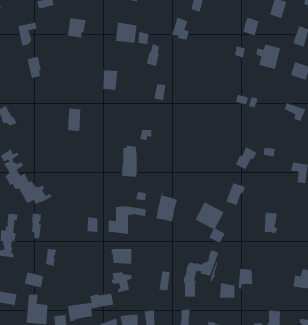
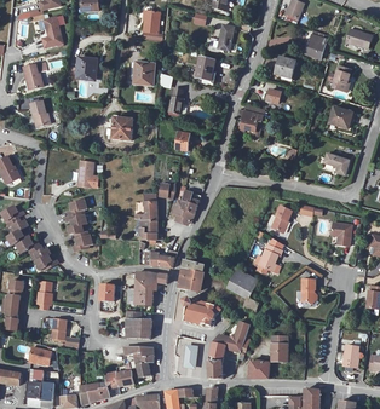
building: [255,44,281,69] -> [236,104,265,133]
building: none -> [171,190,201,224]
building: none -> [64,200,96,252]
building: none -> [183,296,221,327]

